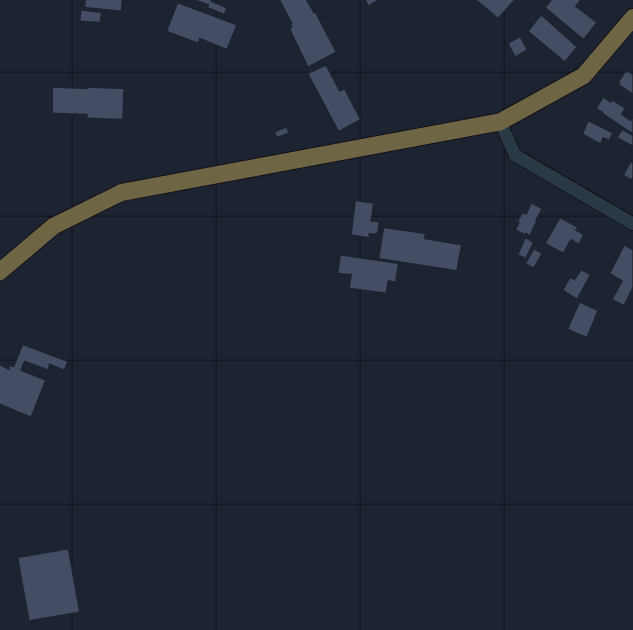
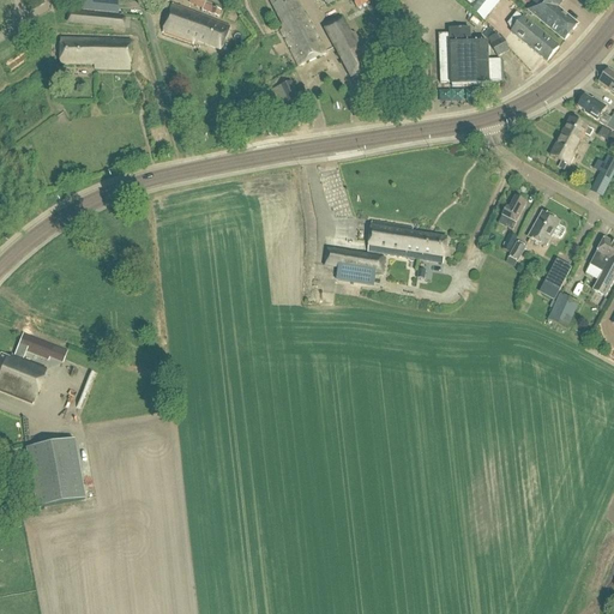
building: none -> [438,28,500,86]
building: [307,65,361,132] -> [321,13,373,78]
building: [52,87,124,119] -> [60,36,130,67]
building: none -> [549,130,580,163]
building: [351,200,379,238] -> none
building: [18,549,80,621] -> [23,437,83,506]

